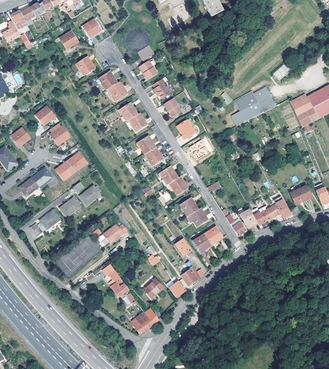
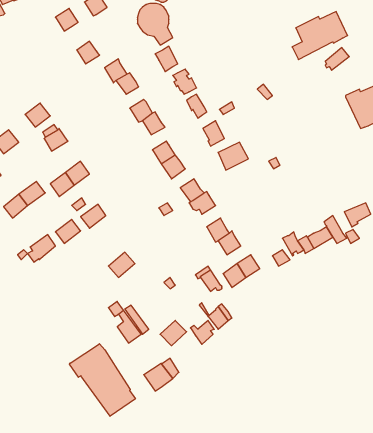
building: [231,87,275,125] -> [292,12,348,60]
building: none -> [69,344,135,416]

